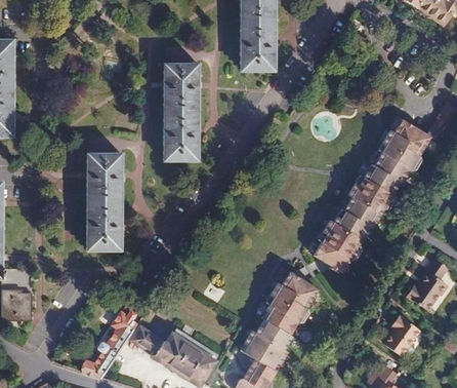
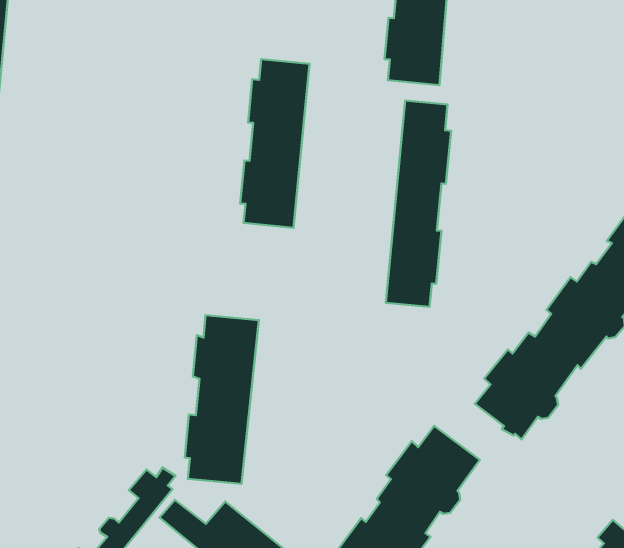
building: none -> [386,100,451,307]
building: [84,155,120,253] -> [185,315,259,484]

